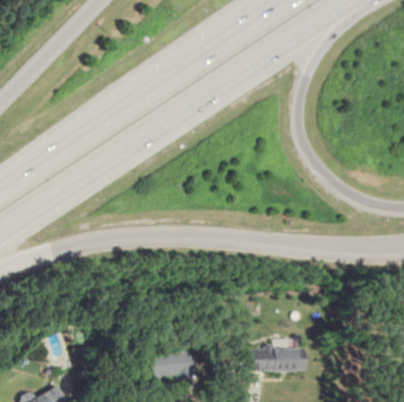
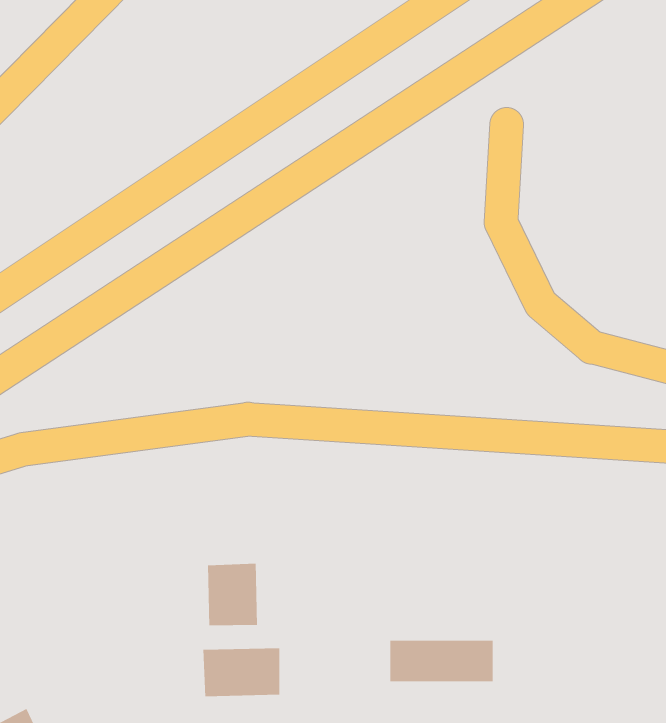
building: none -> [207,563,258,626]

